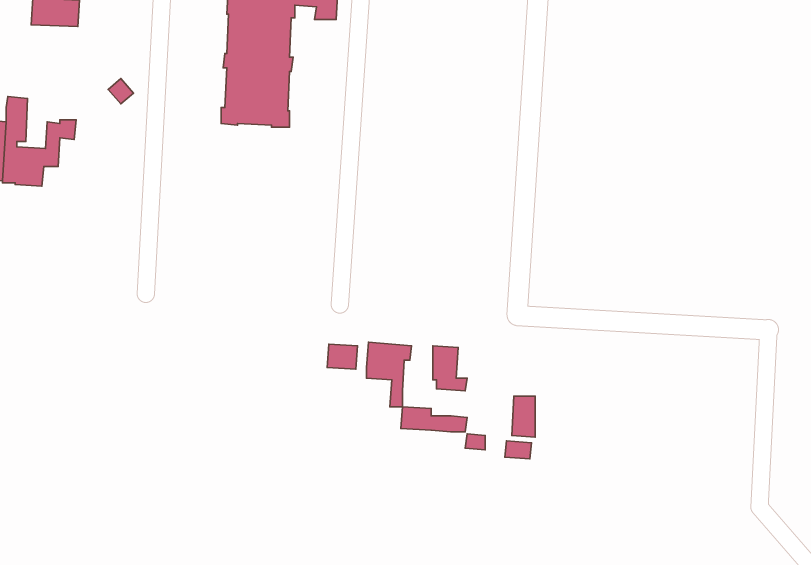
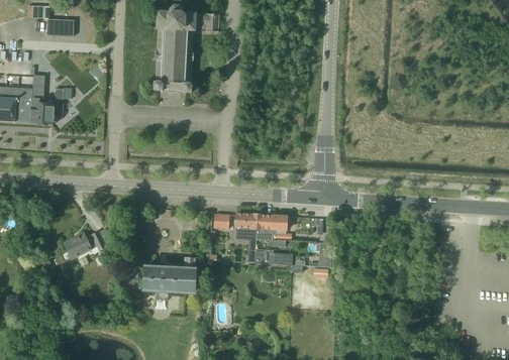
building: none -> [256,215,275,241]
building: none -> [64,232,106,259]
building: none -> [144,258,203,292]

